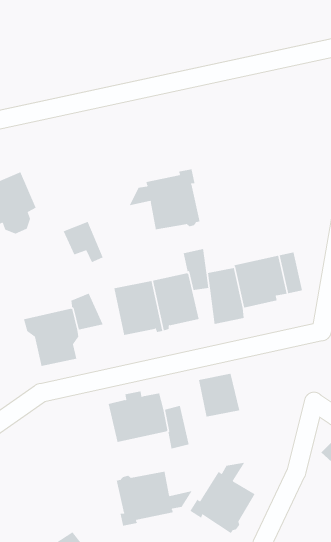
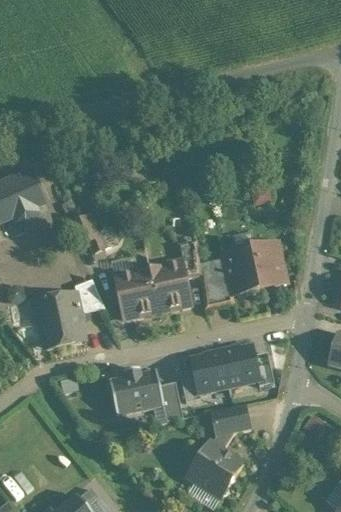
building: [129,168,200,230] -> none
building: none -> [221,345,259,386]
building: none -> [210,404,251,436]
building: [116,471,193,527] -> none

